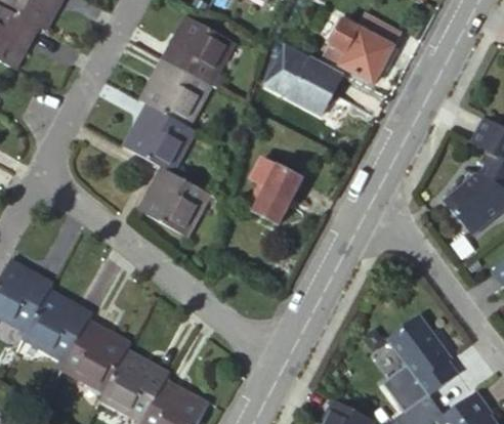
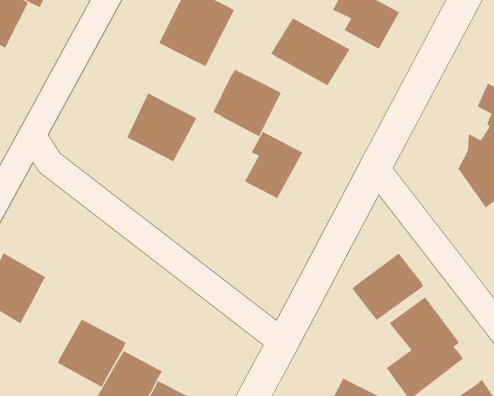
building: [140,69,207,133] -> [212,69,282,137]
building: [144,177,215,247] -> none
building: none -> [352,253,424,321]
building: [27,299,93,368] -> none

